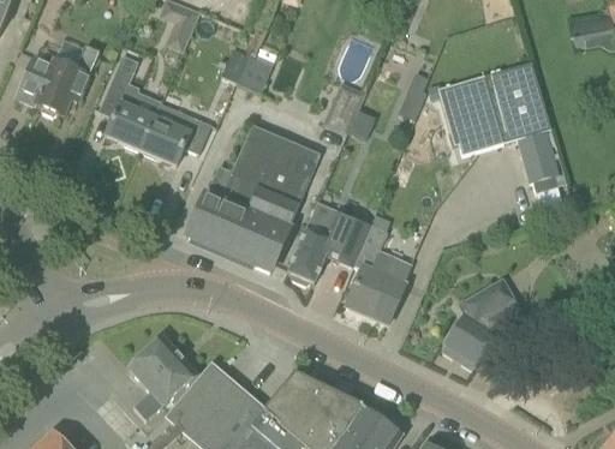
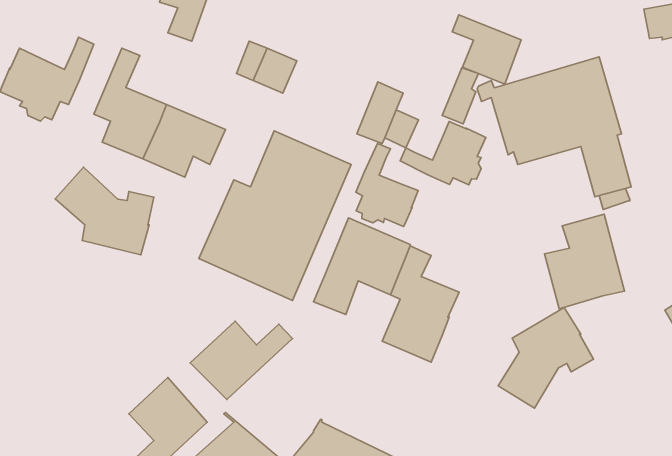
building: none -> [452,15,521,84]
building: none -> [400,121,486,185]
building: none -> [356,143,418,227]
building: none -> [55,167,154,255]
building: none -> [545,214,624,309]
building: none -> [190,321,293,400]

